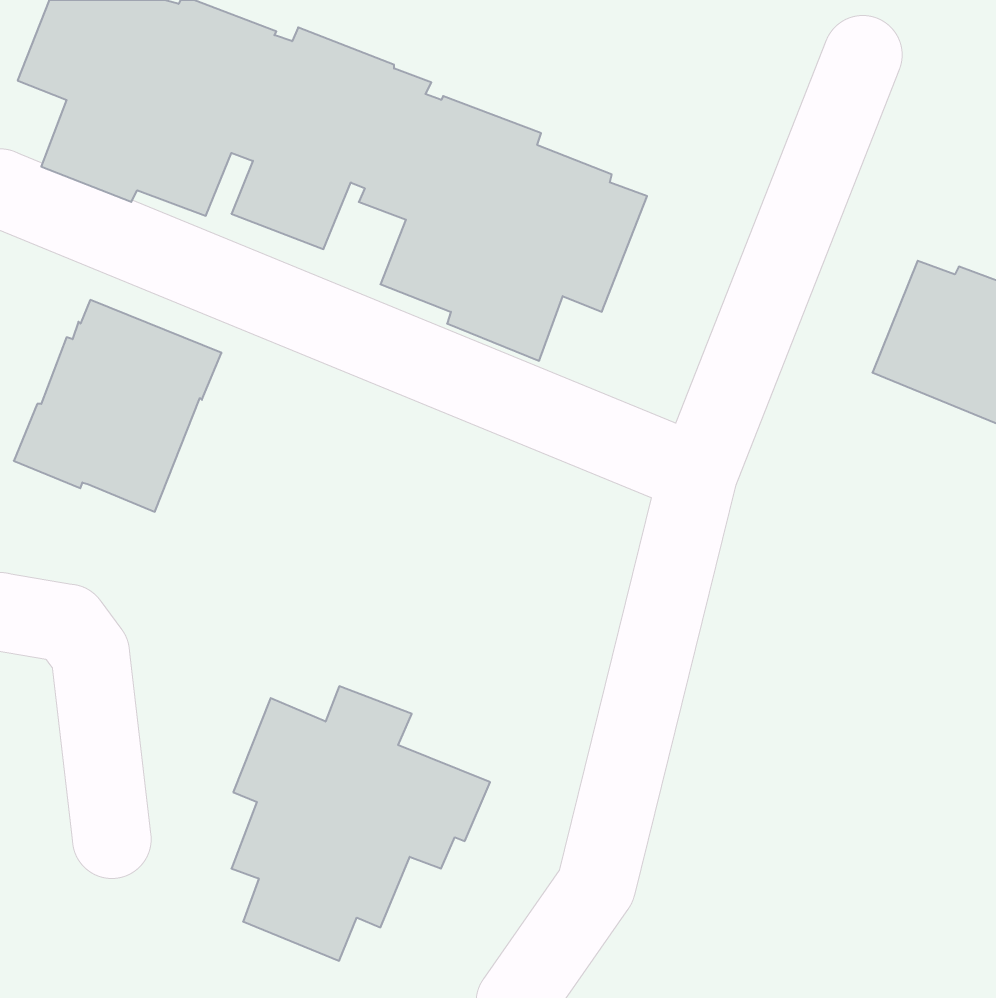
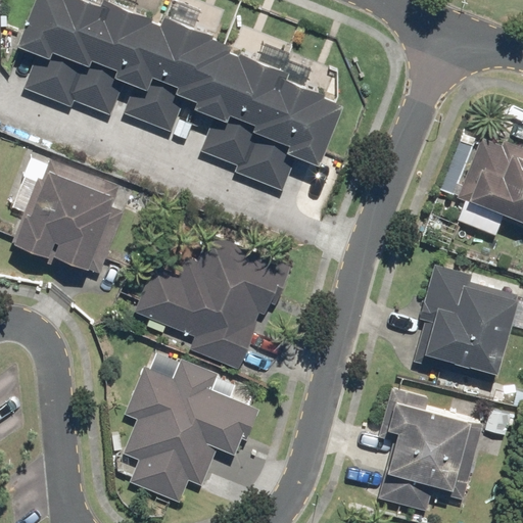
building: none -> [136,234,289,370]
building: none -> [414,265,518,383]
building: none -> [378,388,483,511]

